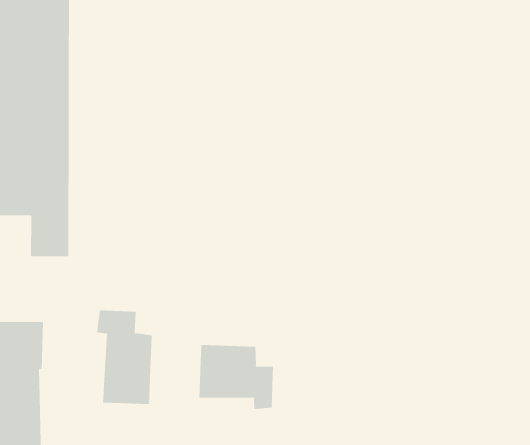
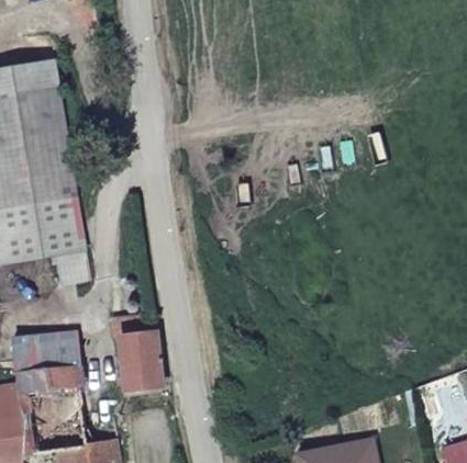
building: [199,344,274,410] -> none

